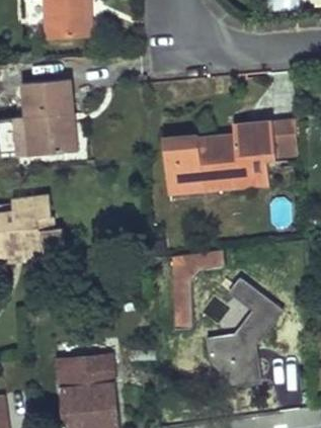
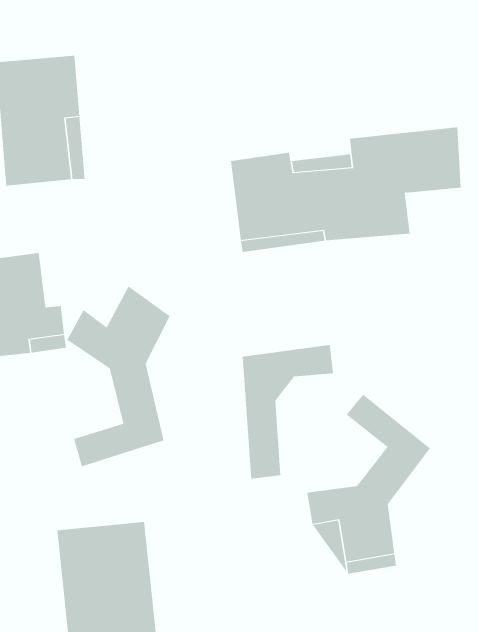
building: none -> [67,285,171,467]

